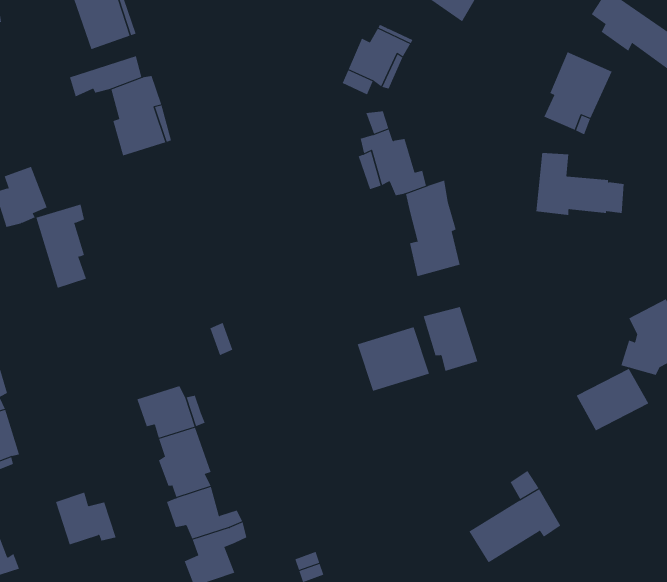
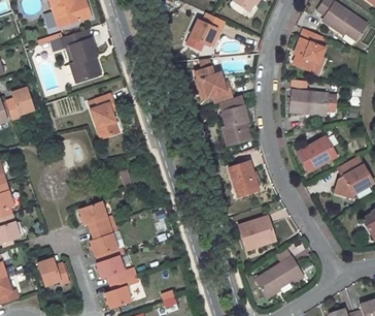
building: [36,204,87,289] -> [88,93,114,137]
building: [357,327,430,392] -> [238,215,276,249]
building: [576,368,649,431] -> [297,138,335,171]

